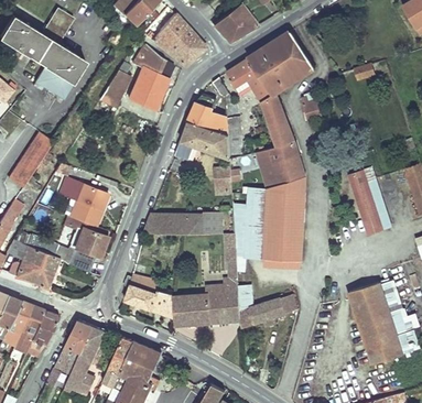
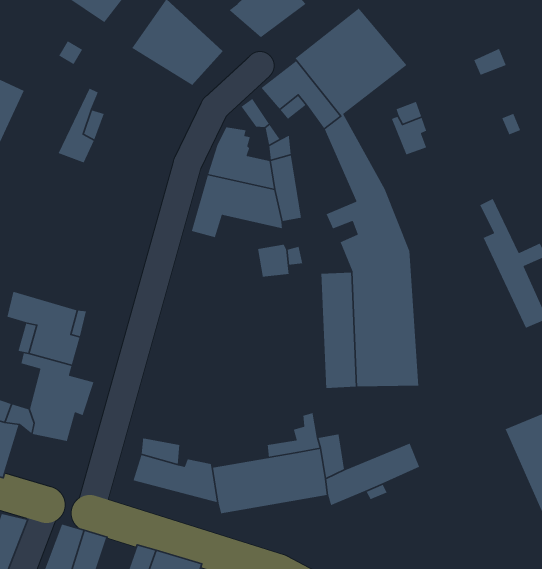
building: [129,45,174,110] -> none
building: [145,211,220,233] -> none

